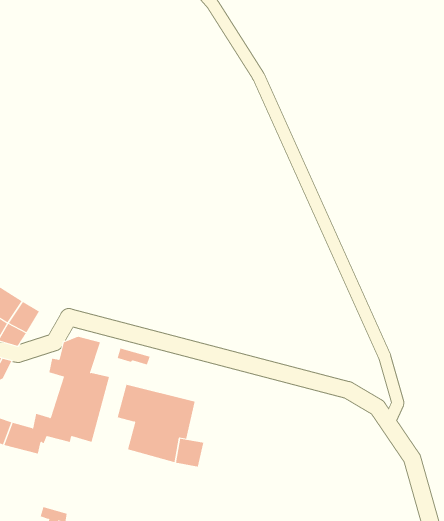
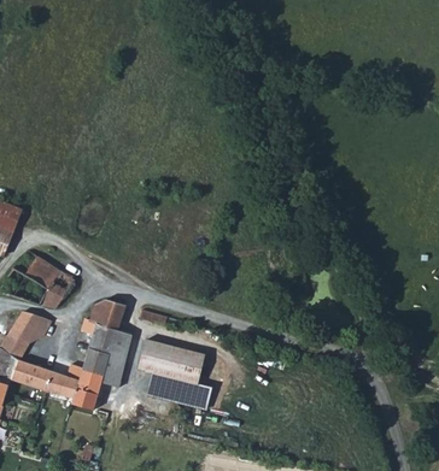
building: none -> [71,383,100,411]

